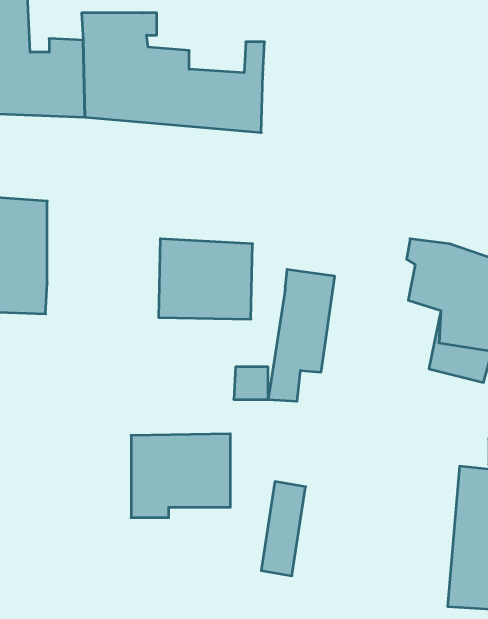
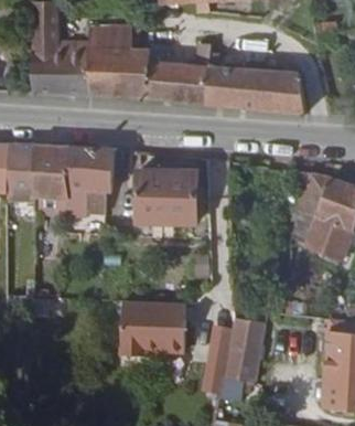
building: none -> [203,66,303,113]
building: none -> [64,148,111,222]
building: [268,269,335,401] -> [220,319,263,404]

